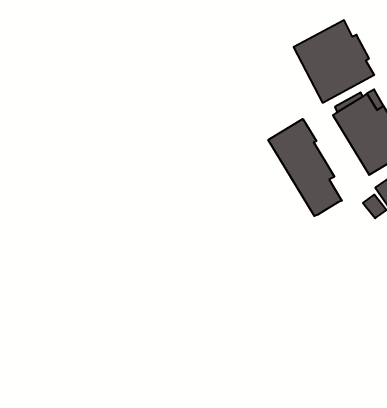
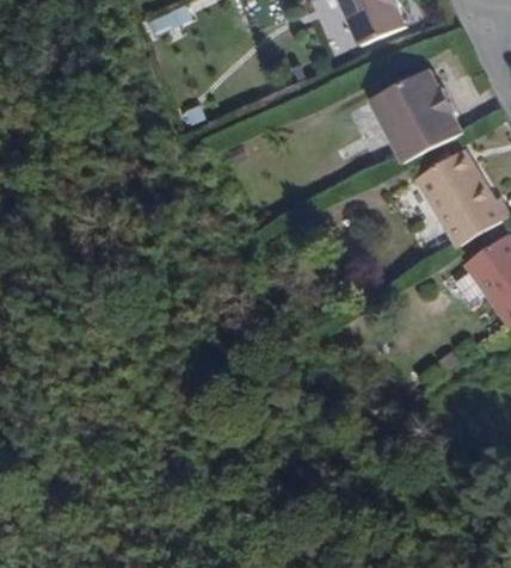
building: [268,119,342,216] -> none

